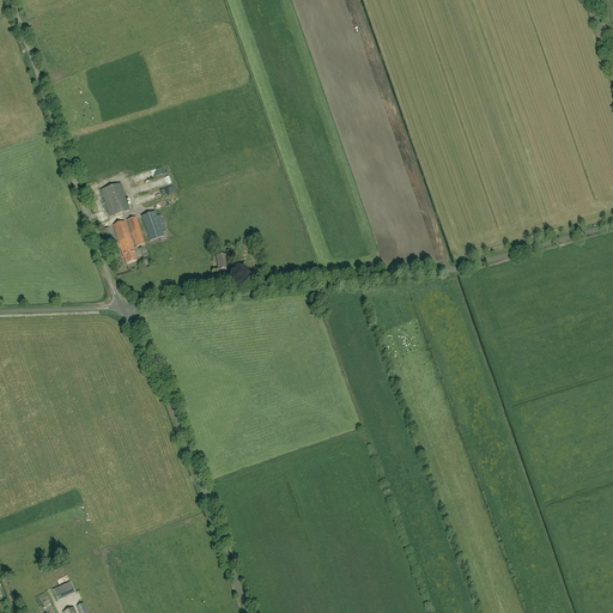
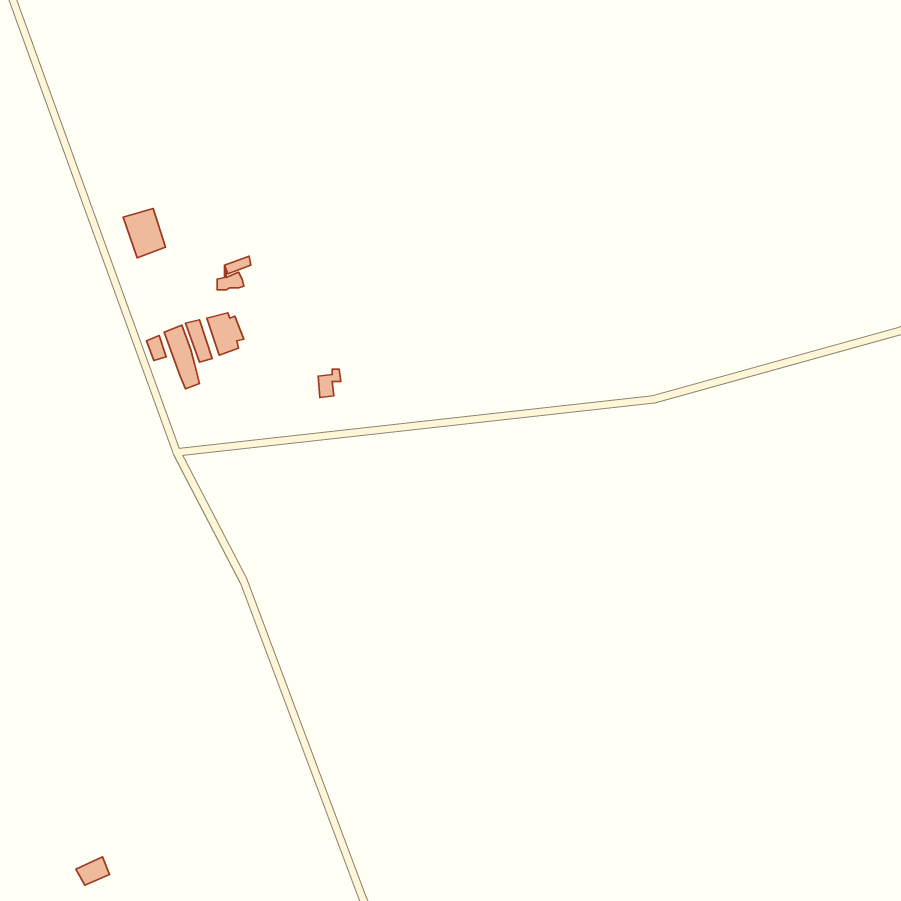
building: [99,183,128,217] -> [123,208,165,258]

